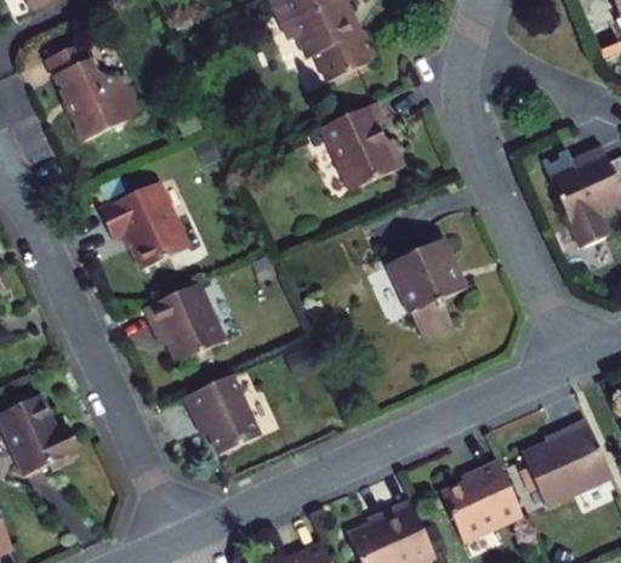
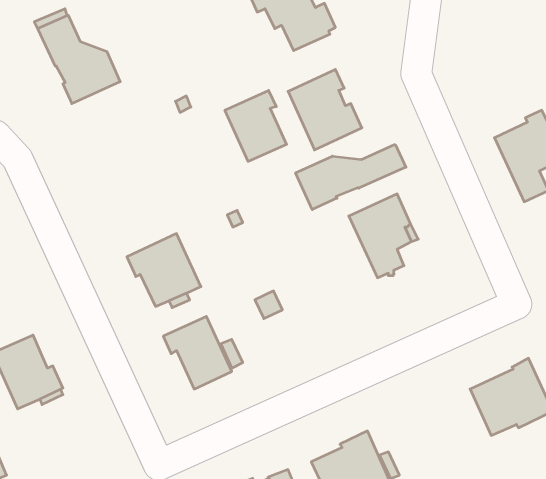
building: none -> [225,90,287,161]
building: [98,181,188,269] -> none
building: none -> [296,145,406,210]
building: [439,461,523,544] -> none

